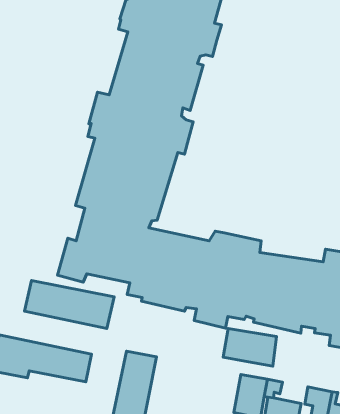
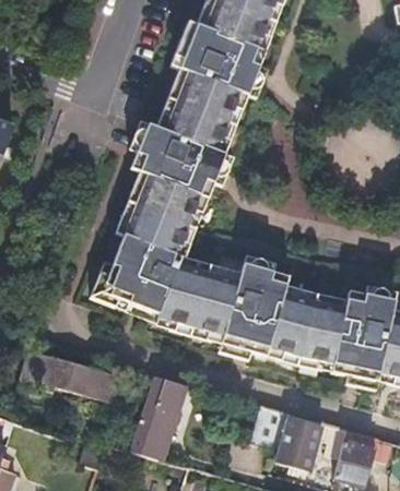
building: [25,281,114,328] -> none
building: [223,328,277,366] -> none

